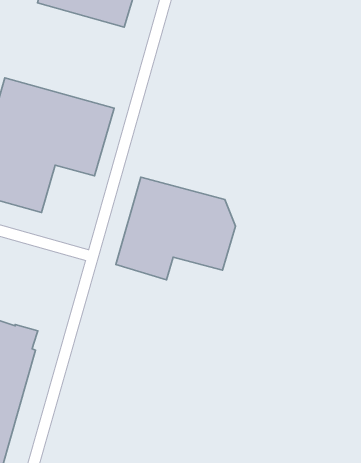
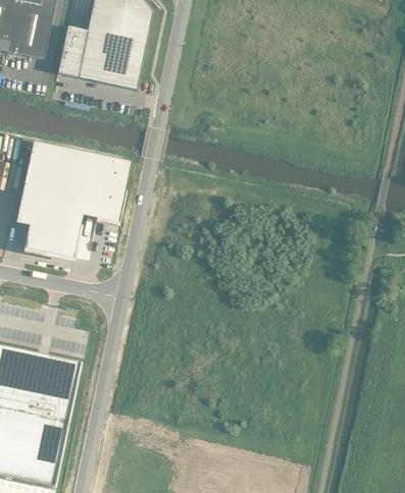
building: [116,177,235,280] -> none

